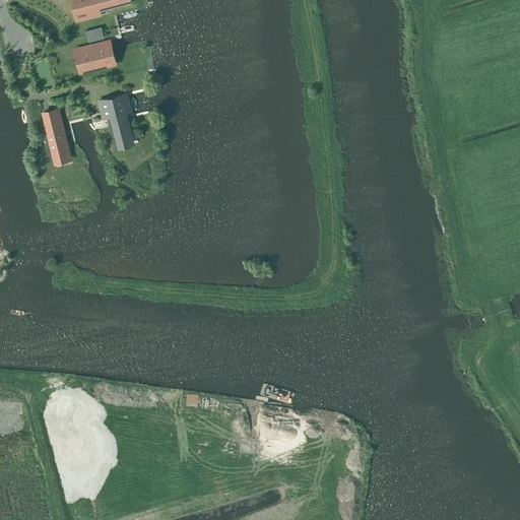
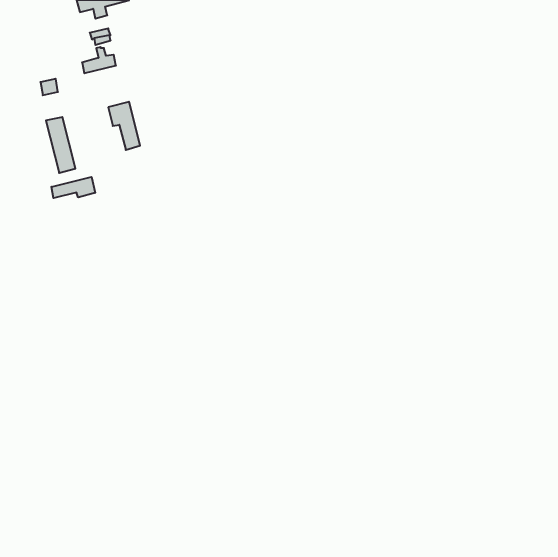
building: none -> [51,177,95,198]

